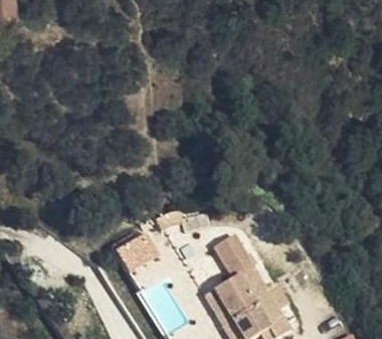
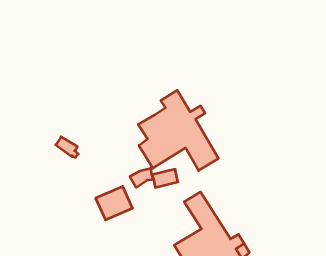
building: none -> [138,90,218,171]

